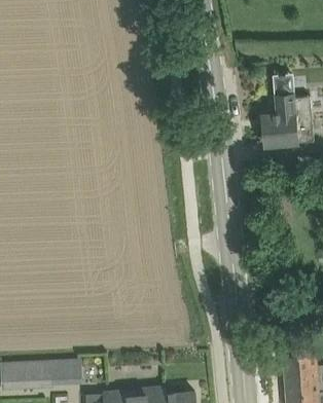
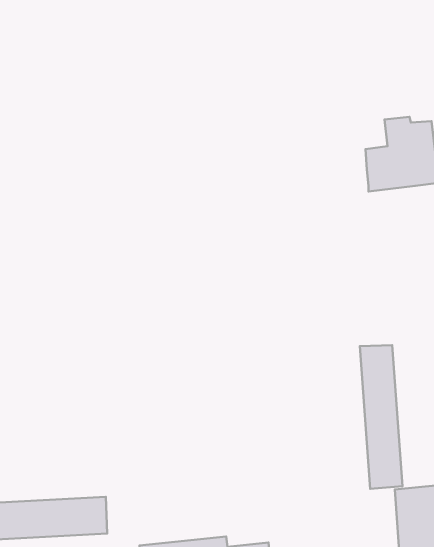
building: none -> [360,345,402,489]

